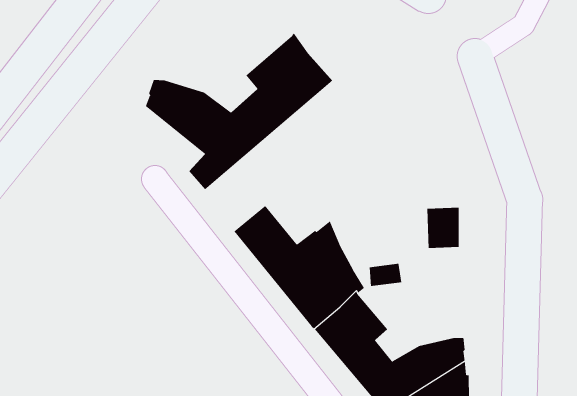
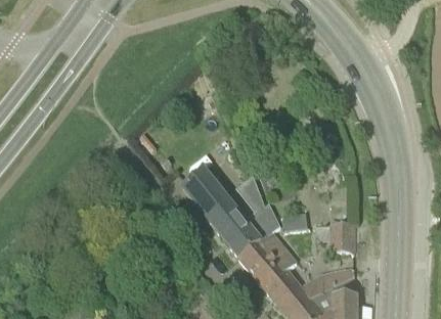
building: [145,33,333,190] -> none
building: [426,207,459,249] -> [330,222,355,253]

